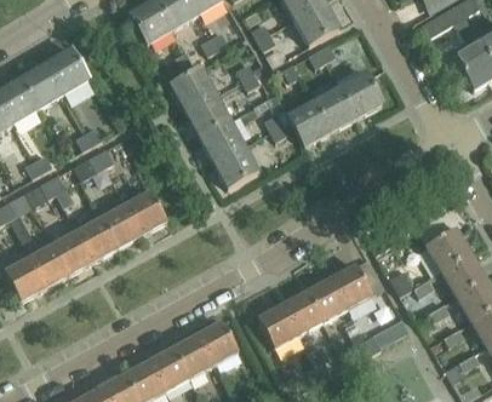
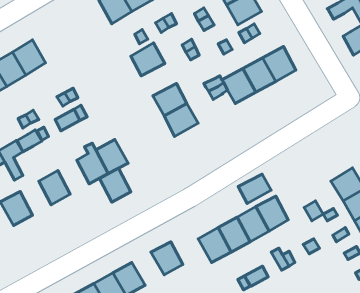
building: [45,47,88,92] -> none
building: [184,93,229,134] -> none
building: [78,217,118,260] -> [99,168,131,202]
building: none -> [238,174,271,204]
building: [29,243,69,287] -> none
building: [172,334,213,377] -> none

